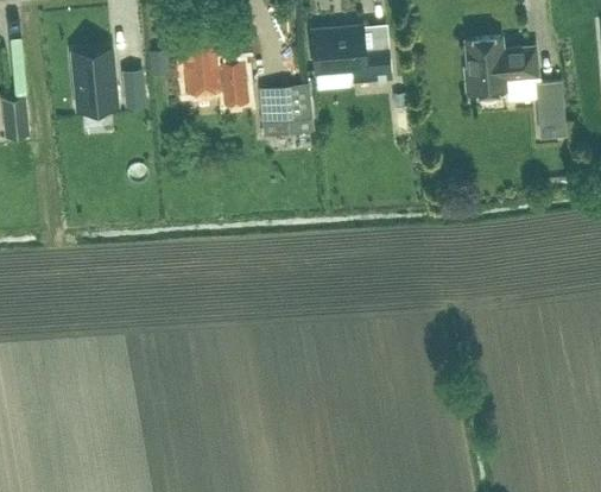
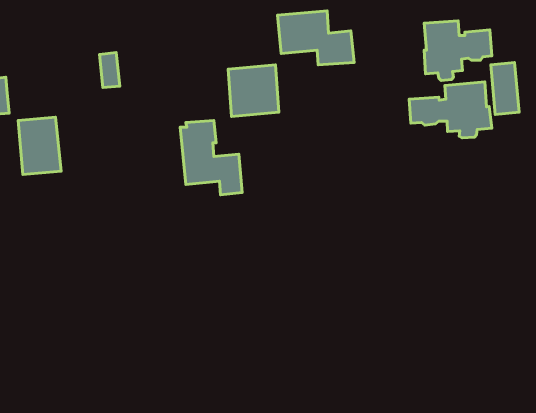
building: [182,29,247,107] -> [180,120,242,195]
building: [72,51,118,112] -> [18,117,61,175]
building: none -> [409,82,492,138]

